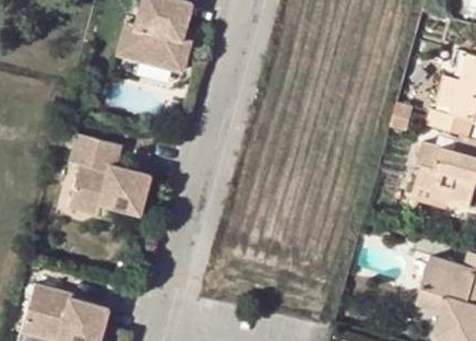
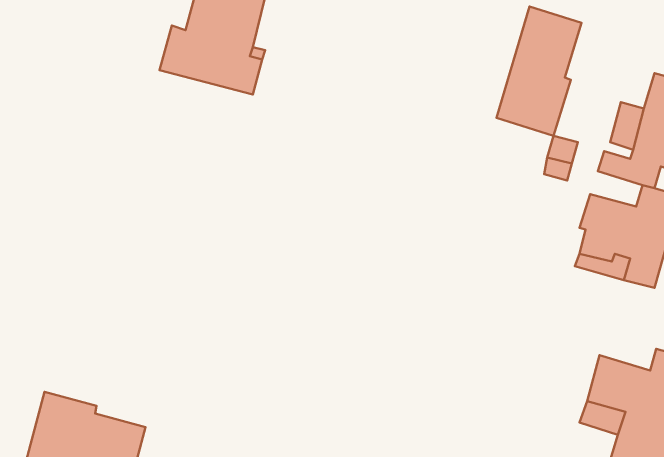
building: none -> [496,6,581,136]
building: [69,133,153,216] -> none

